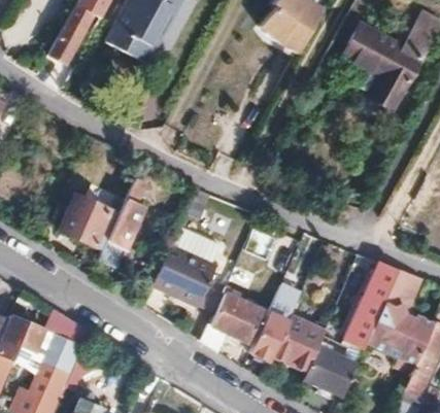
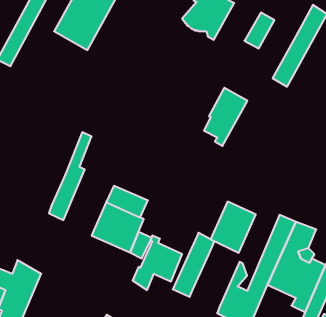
building: [348,27,401,97] -> [204,88,247,146]
building: [61,193,121,250] -> none
building: [273,310,328,372] -> [211,202,256,253]

